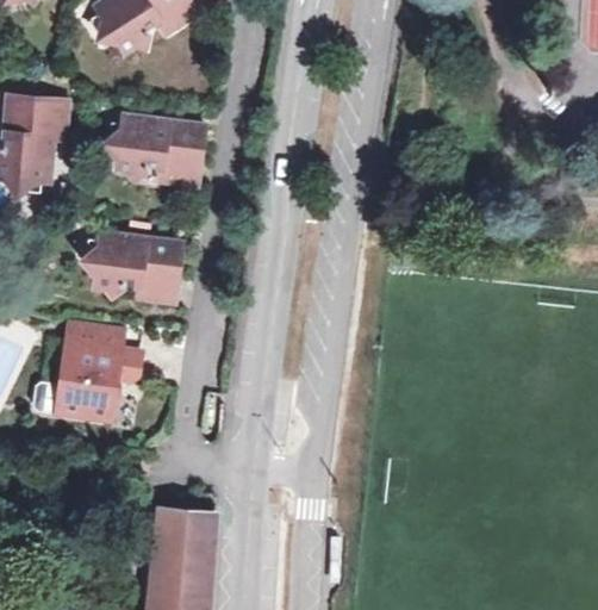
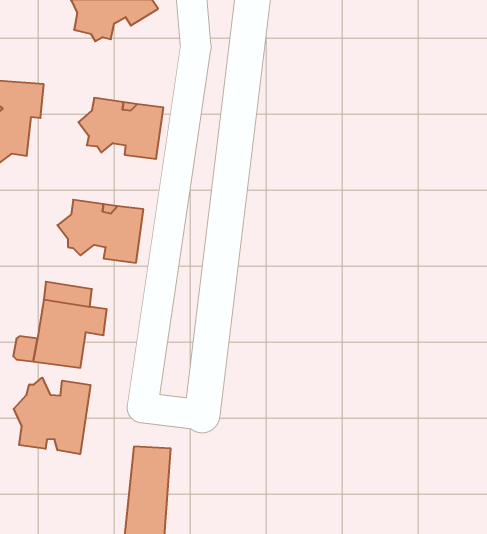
building: none -> [14,378,90,454]

